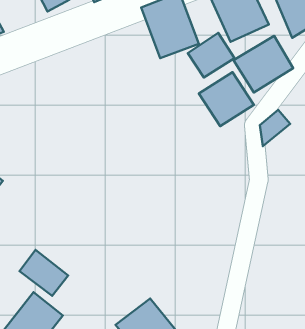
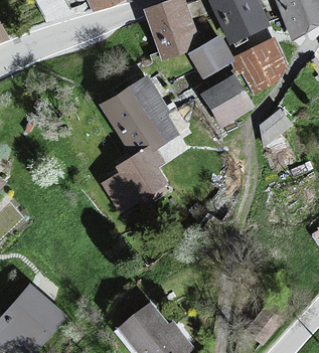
building: none -> [97,76,179,213]
building: [19,250,68,296] -> none

